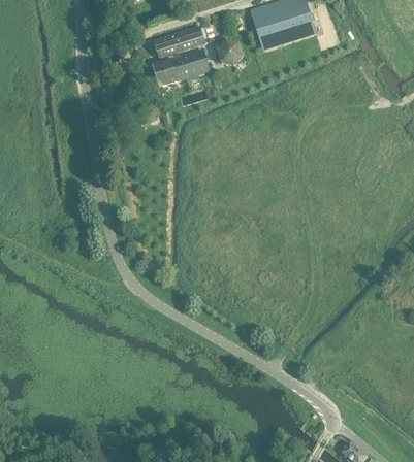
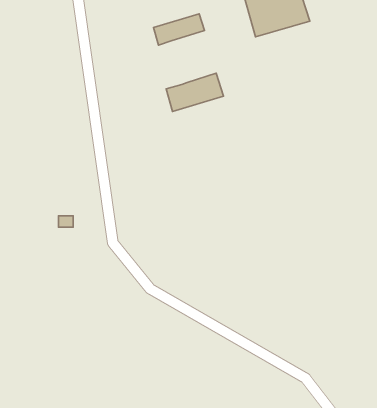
building: [219,40,244,65] -> none
building: [154,50,211,88] -> [166,73,224,112]

